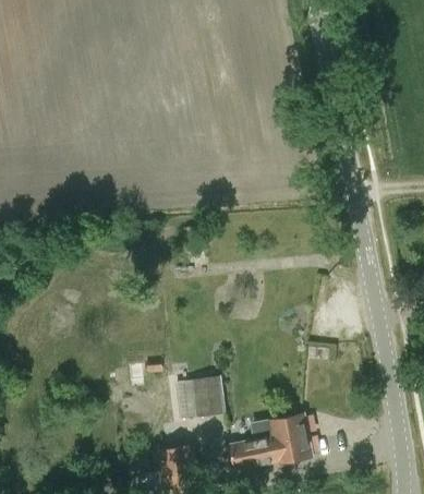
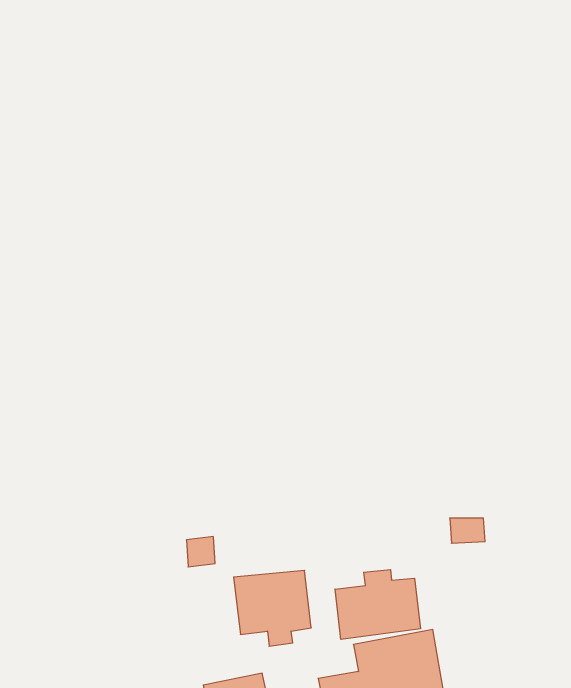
building: none -> [335,570,420,639]

